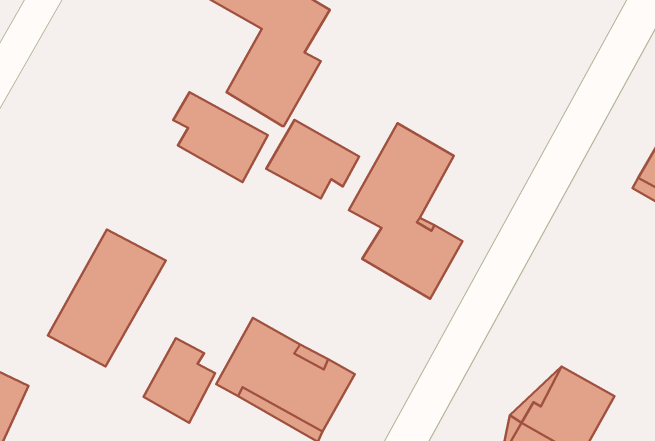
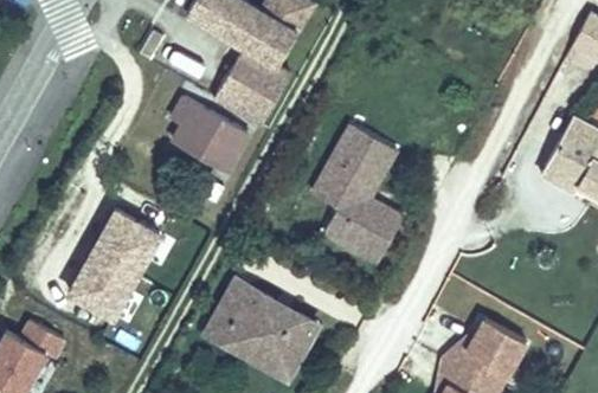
building: [266,120,359,198] -> none
building: [143,338,215,423] -> none

